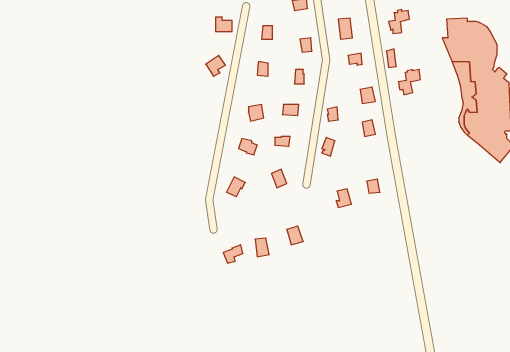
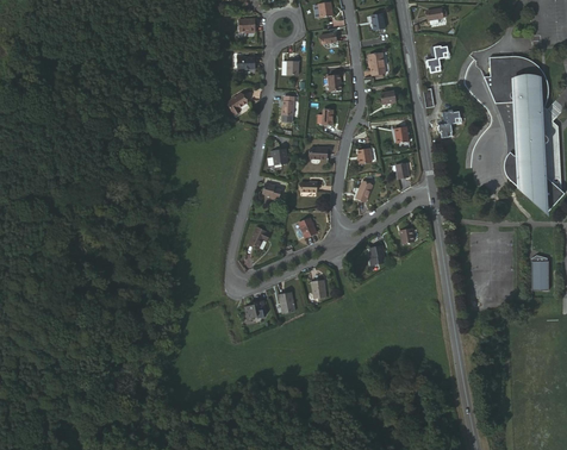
building: none -> [530,252,548,287]

